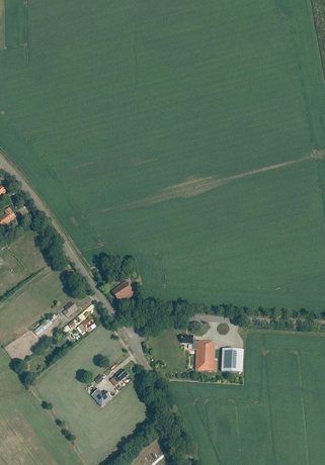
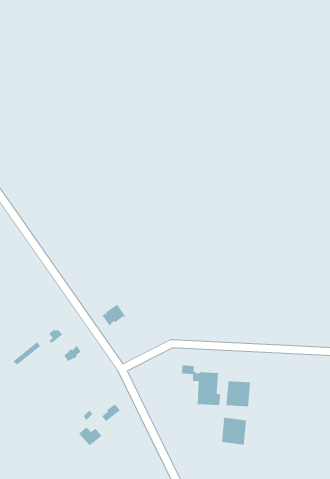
building: none -> [221,417,247,446]

